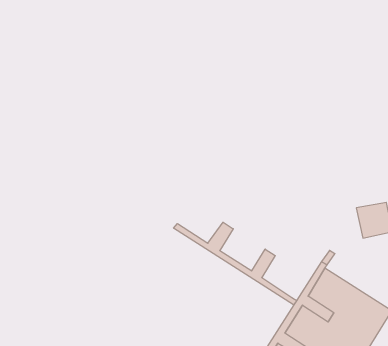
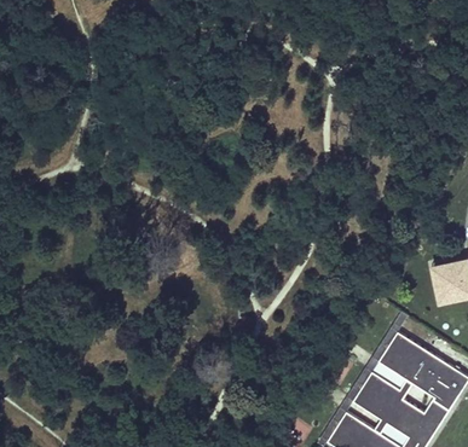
building: [174,222,297,305] -> none

